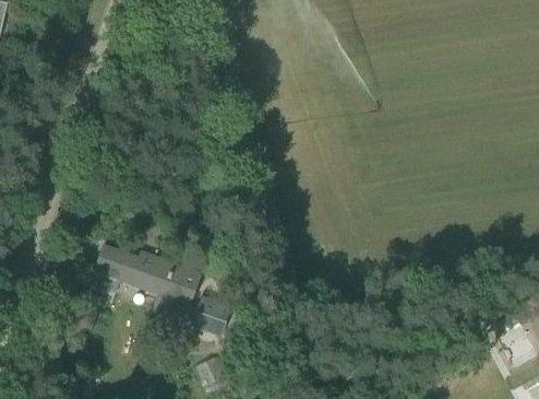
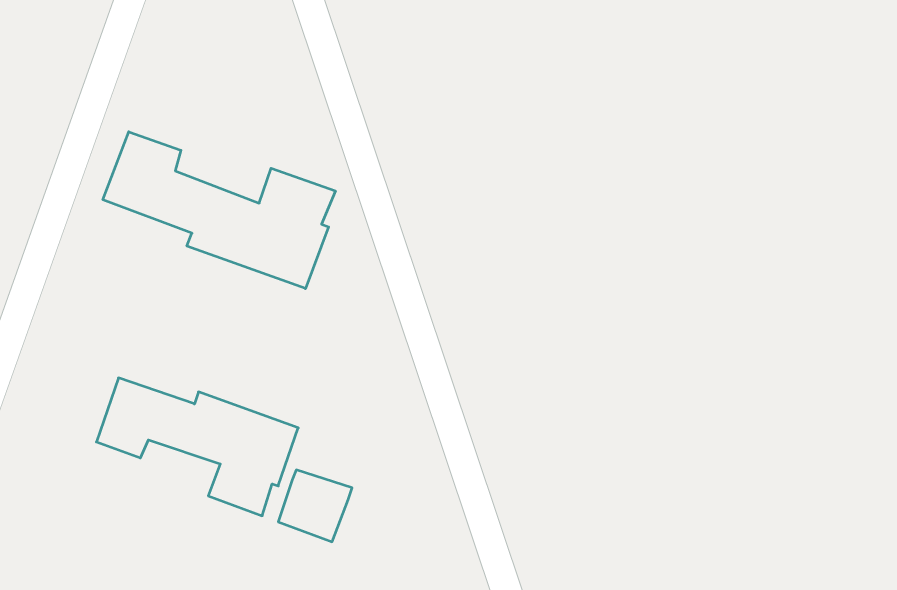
building: none -> [103,132,335,289]

